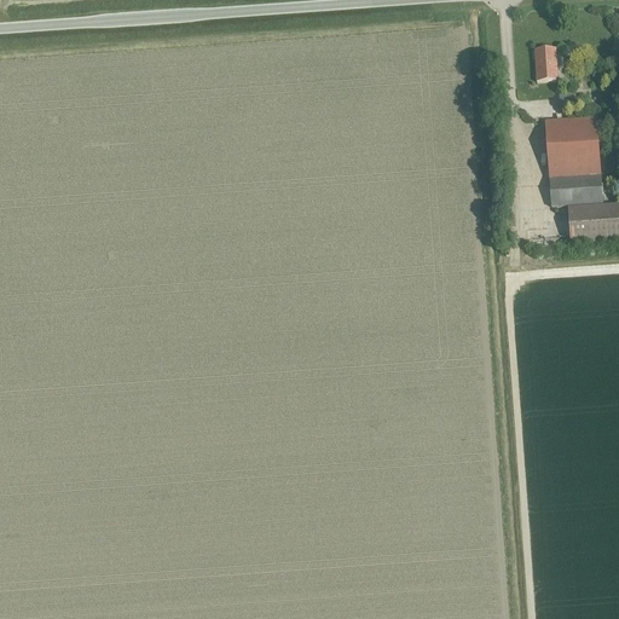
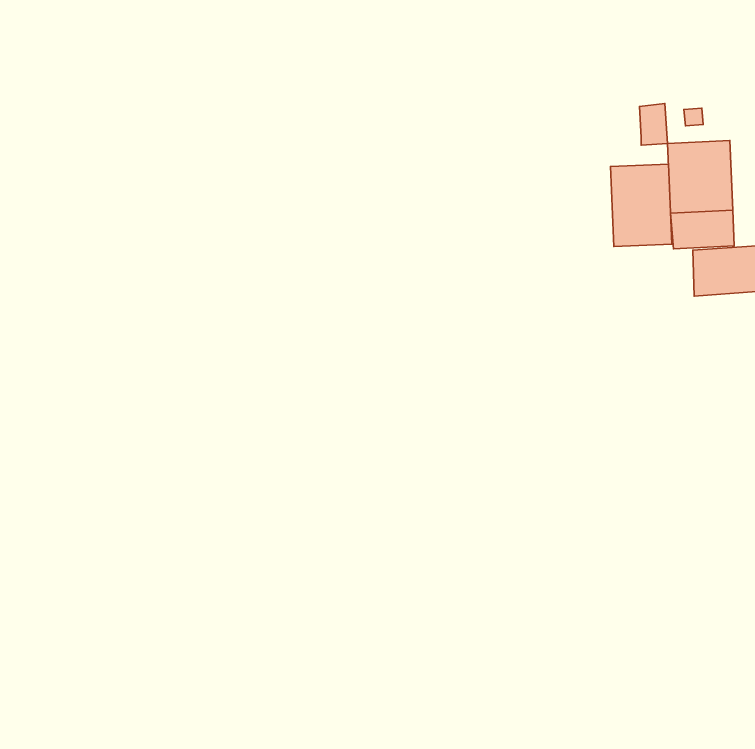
building: [536,44,559,77] -> [640,104,668,145]
building: none -> [611,164,672,246]

